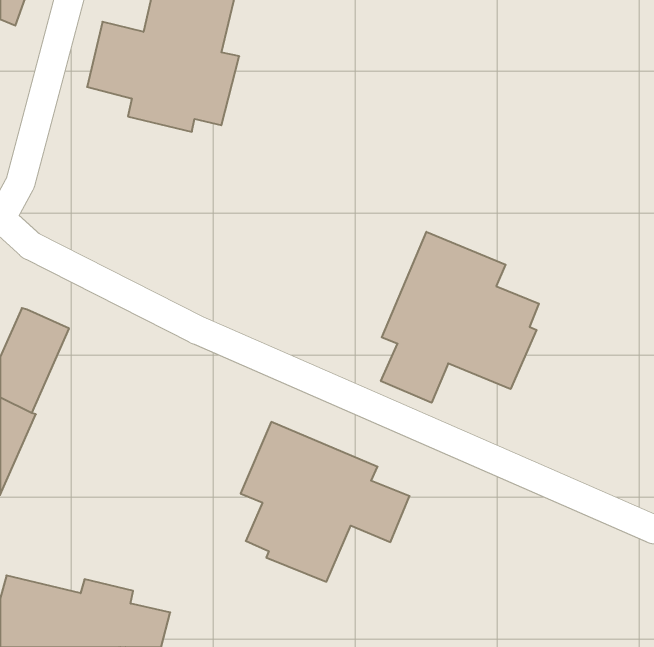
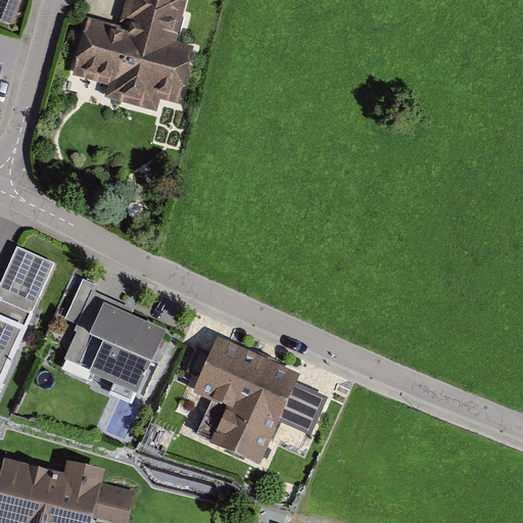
building: [381,232,539,403] -> none
building: none -> [57,293,157,393]

